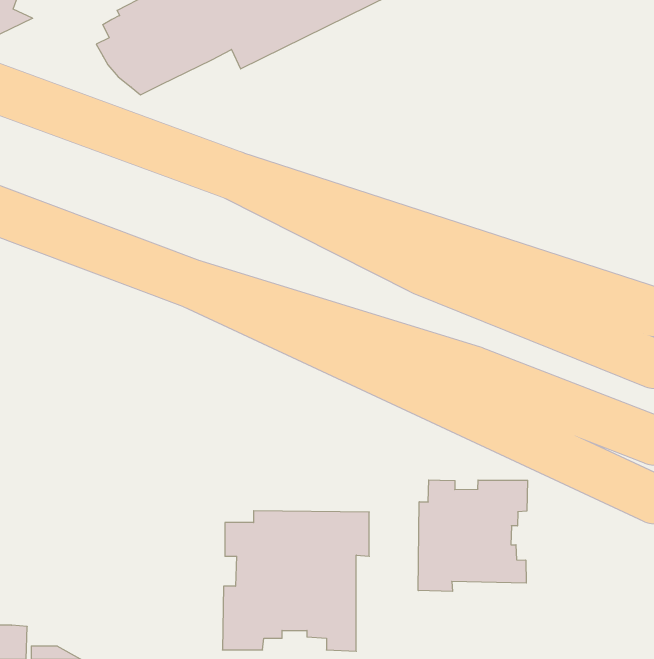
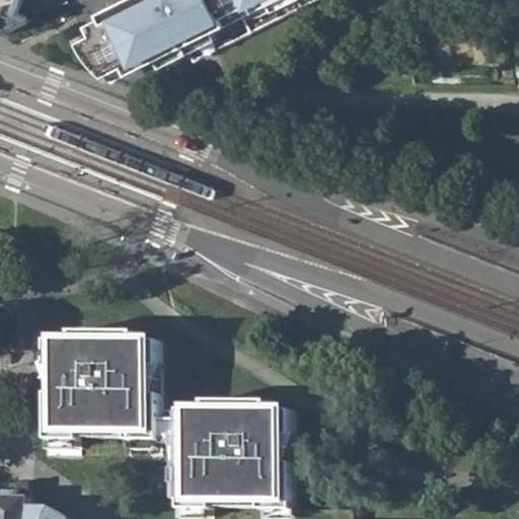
building: none -> [41,329,175,437]
building: [418,480,528,591] -> none

